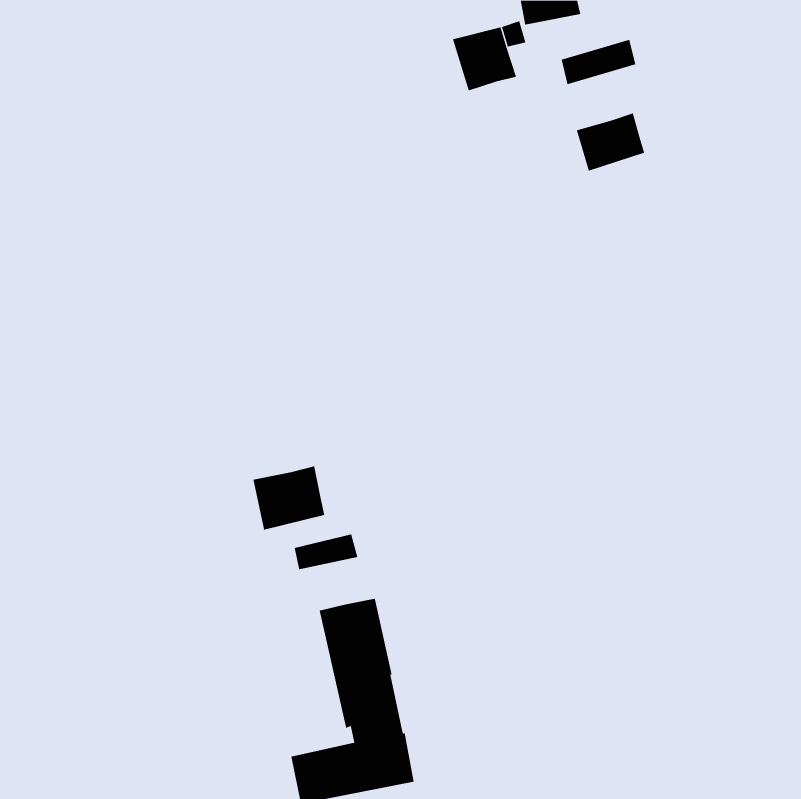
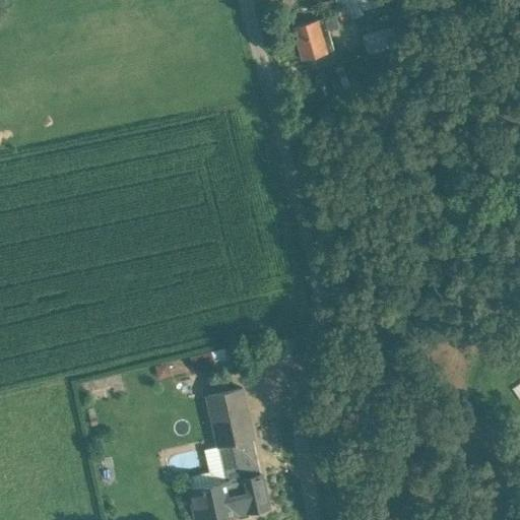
building: [576,112,645,171] -> none
building: [253,465,325,531] -> none

